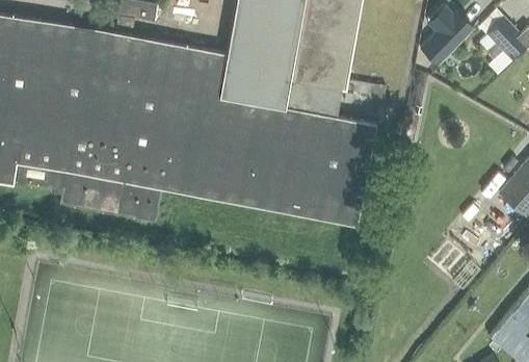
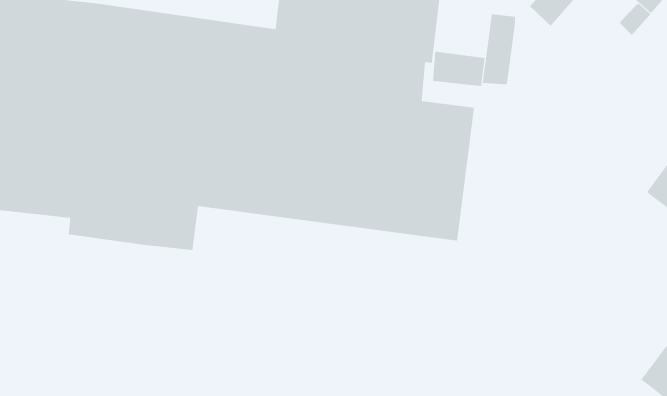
building: none -> [482,13,515,85]

